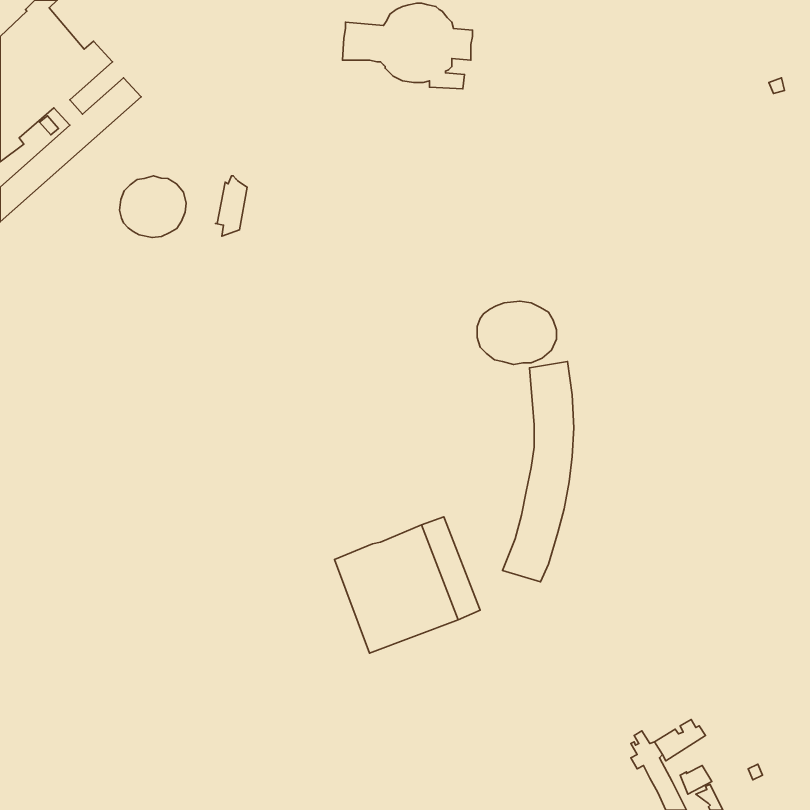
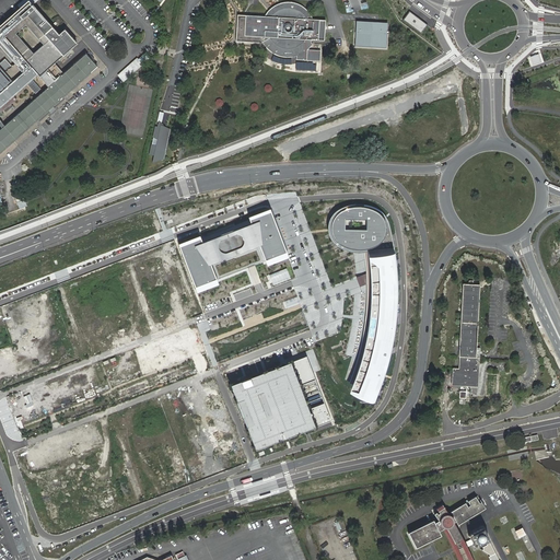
building: none -> [354,22,387,48]
building: [120,176,186,237] -> none
building: none -> [176,210,289,293]
building: none -> [452,282,480,386]
building: none -> [409,520,442,548]

